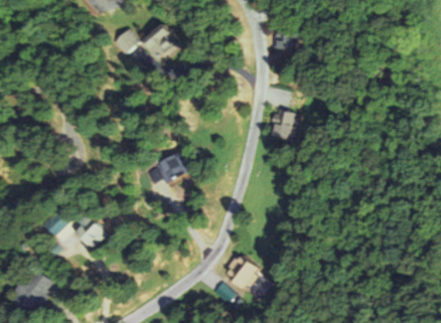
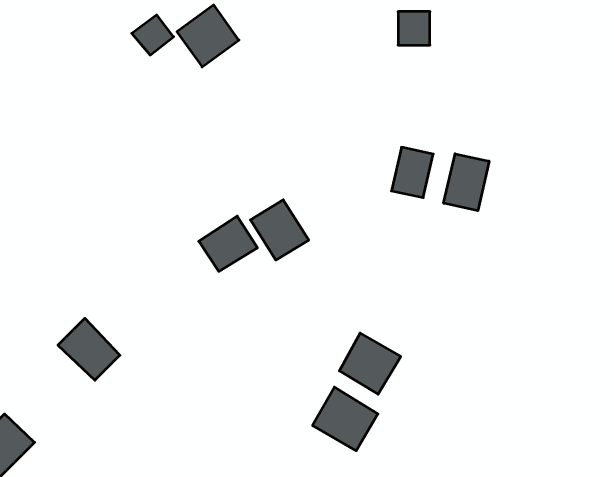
building: none -> [444,154,489,211]
building: none -> [250,200,309,260]
building: none -> [339,333,401,394]

